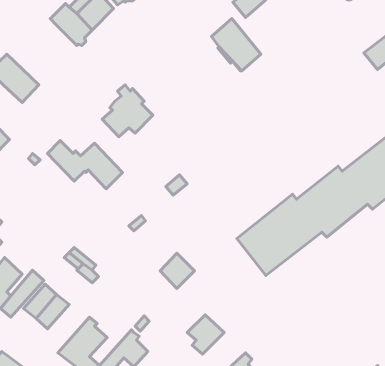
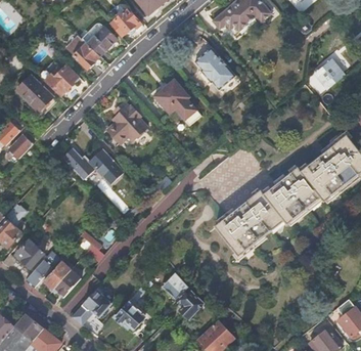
building: none -> [43,64,77,96]
building: none -> [152,79,204,125]
building: [160,253,194,289] -> [162,271,189,300]

